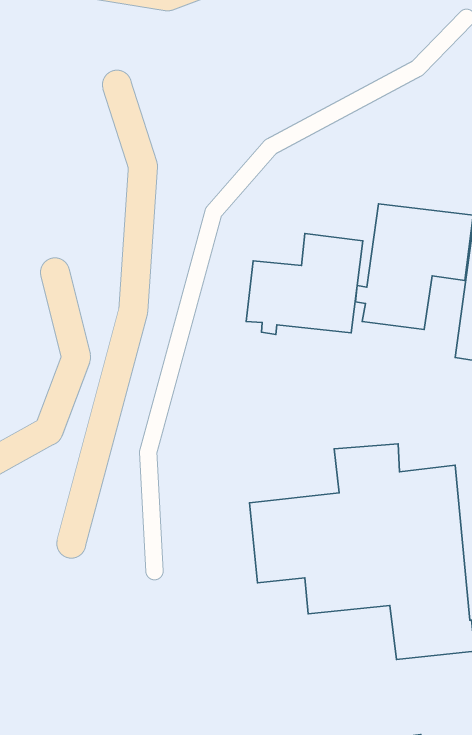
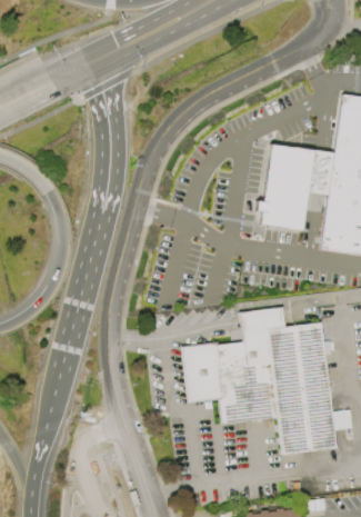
building: [246,233,363,334] -> none

